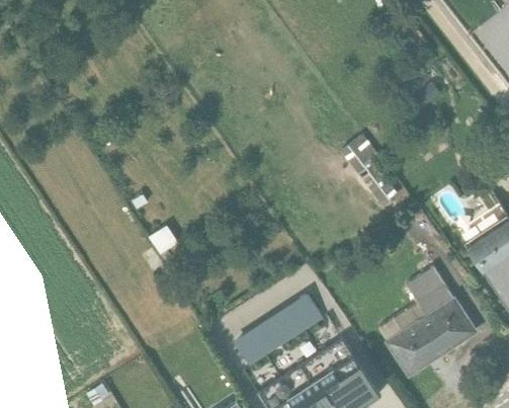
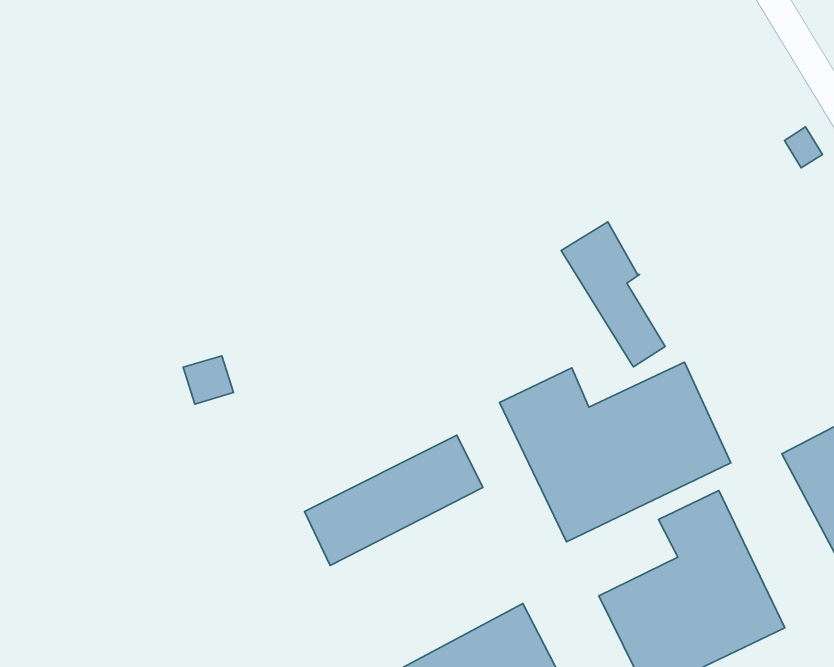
building: none -> [499,362,731,542]
building: [233,294,323,368] -> [305,435,483,566]

